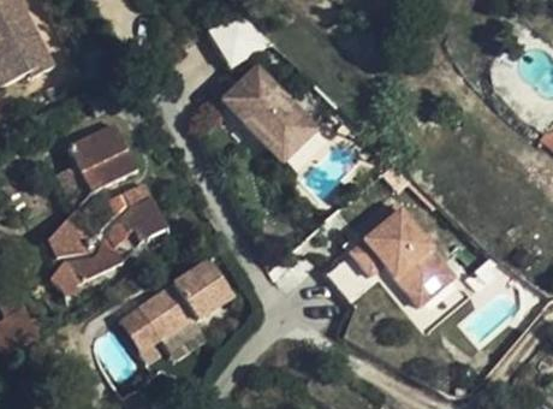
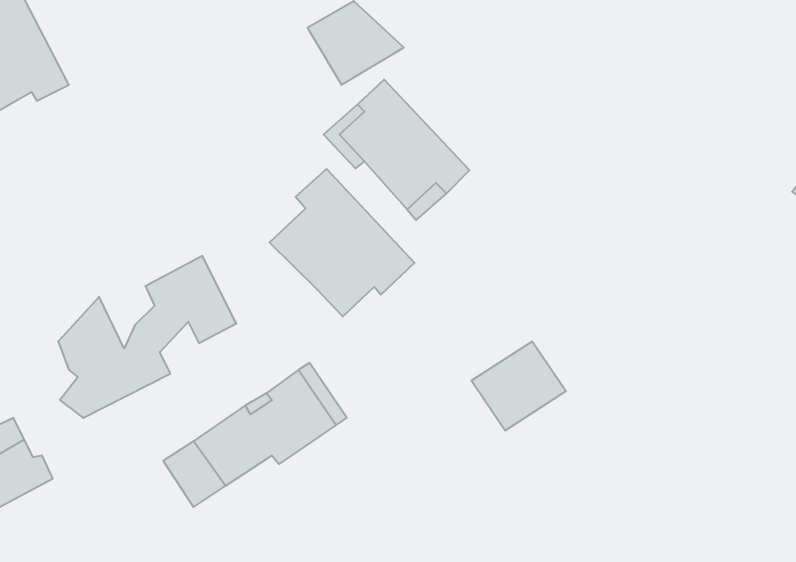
building: [66,124,137,195] -> none
building: none -> [270,169,415,317]
building: [362,204,458,308] -> none

